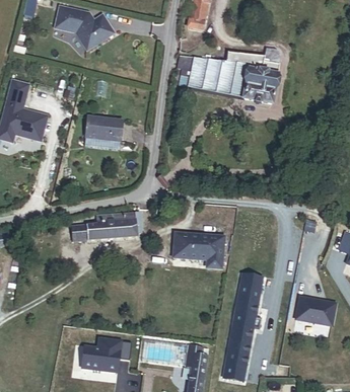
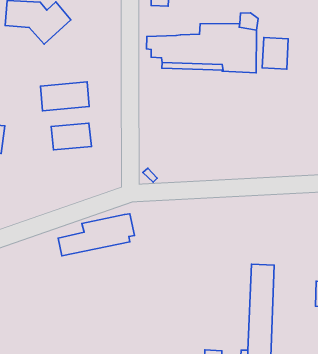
building: none -> [262,37,288,69]
building: none -> [41,82,89,111]
building: [171,233,222,268] -> none

